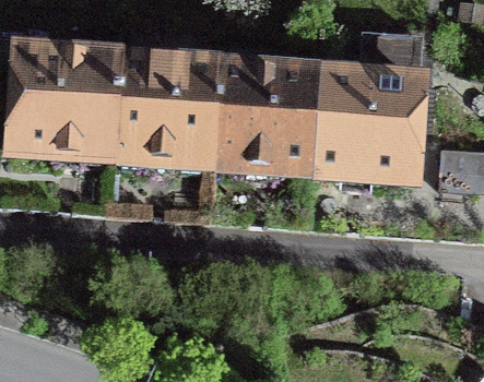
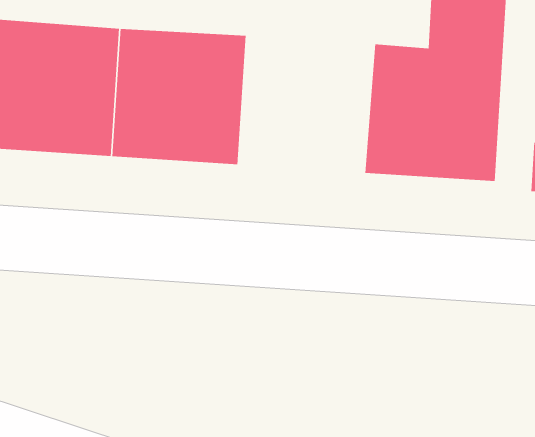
building: [213,64,319,171] -> none

